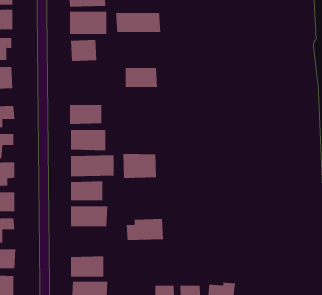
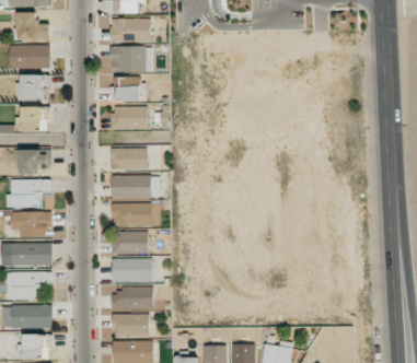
building: [115,12,161,33] -> none
building: [125,67,158,87] -> [112,107,148,129]
building: [123,153,156,179] -> none
building: [126,218,164,241] -> [112,286,153,311]

